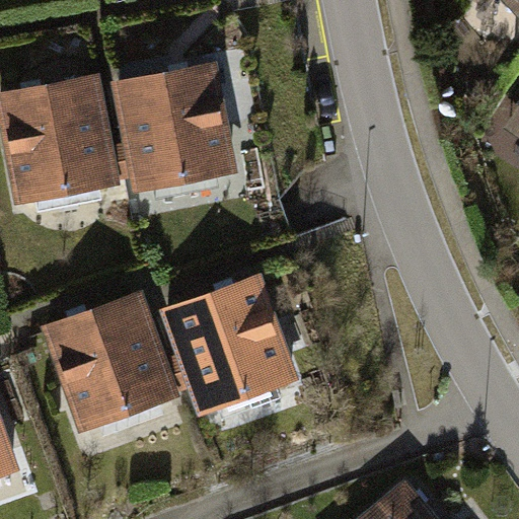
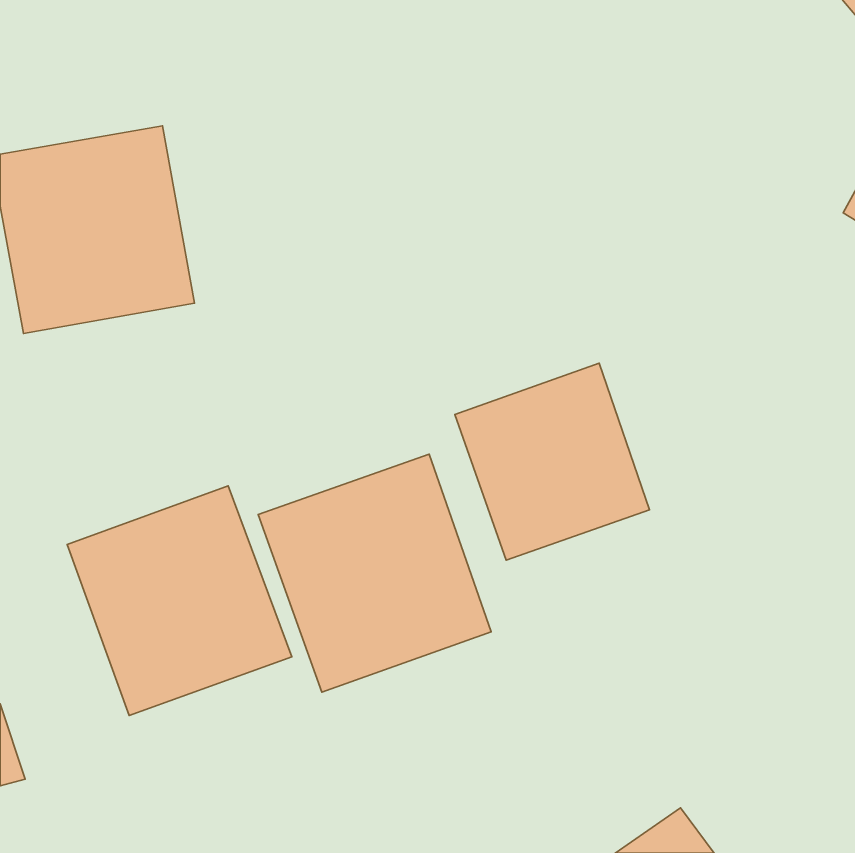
building: [110,66,236,192] -> none
building: none -> [455,363,650,560]

